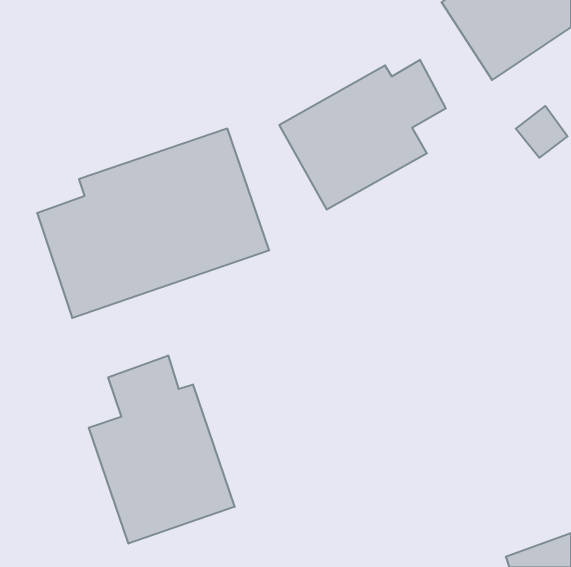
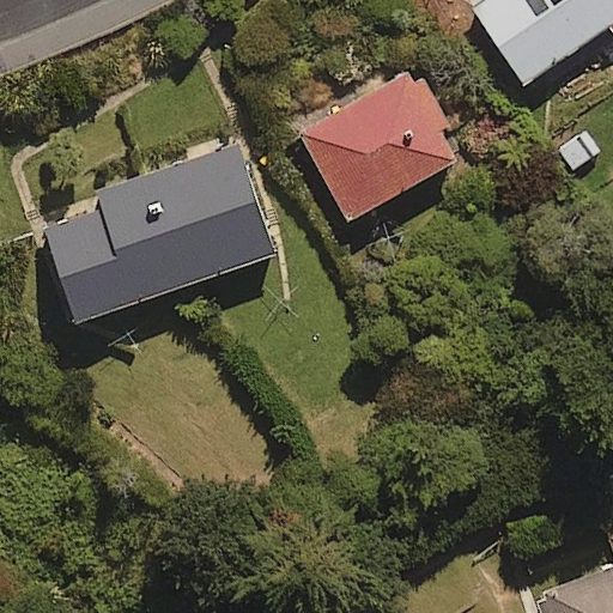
building: [89,355,235,544] -> none

